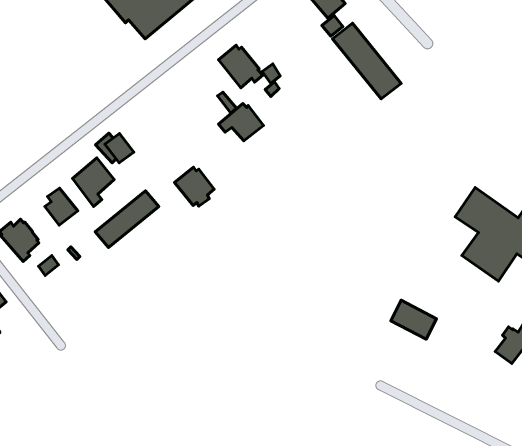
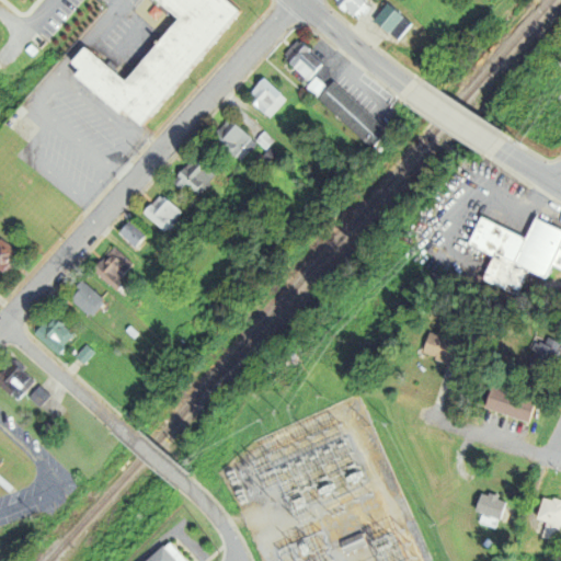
building: none -> [250,77,289,117]
building: [218,103,264,141] -> [174,158,217,193]
building: [175,167,214,206] -> [146,194,184,230]
building: [95,191,159,247] -> none
building: none -> [478,387,528,423]

